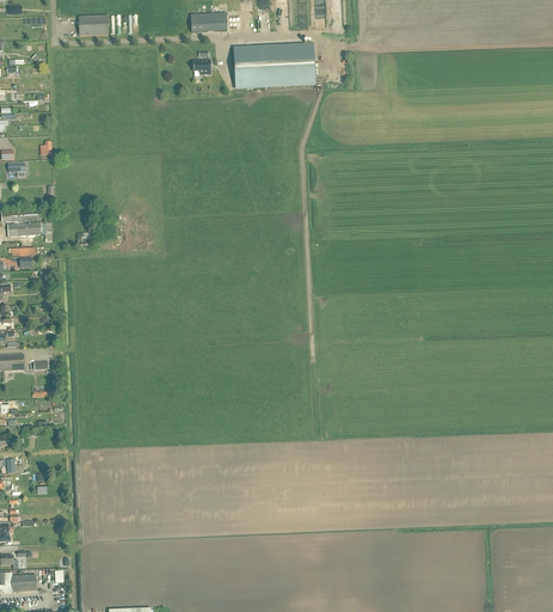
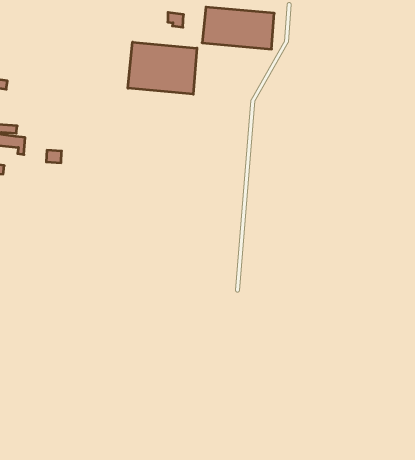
building: none -> [128,42,197,94]

